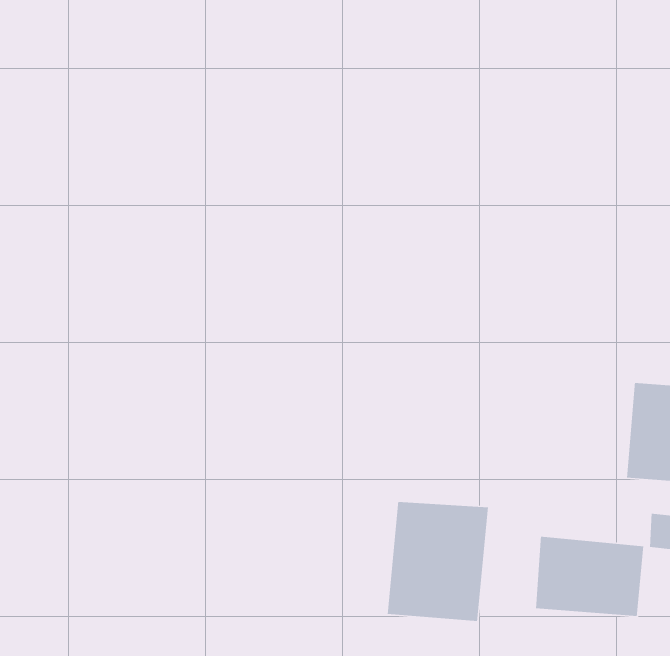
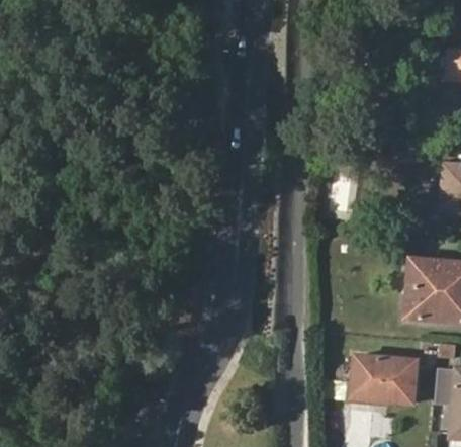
building: [387,501,489,622] -> none

